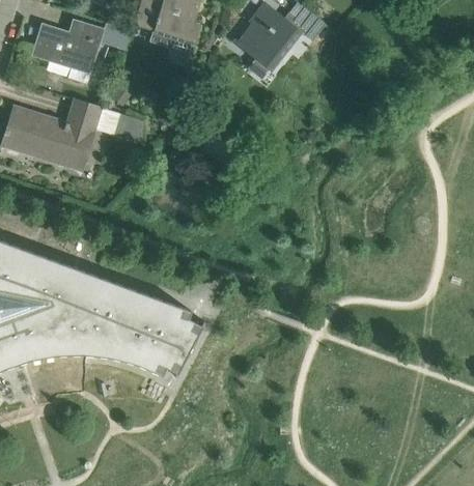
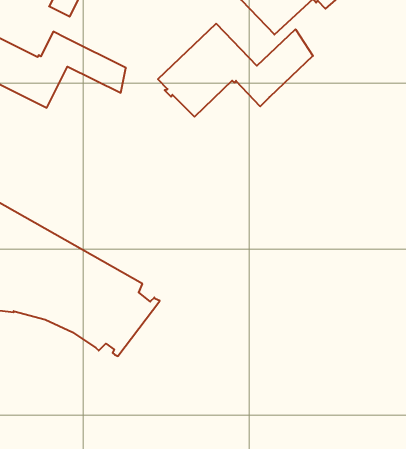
building: none -> [158,24,313,117]

